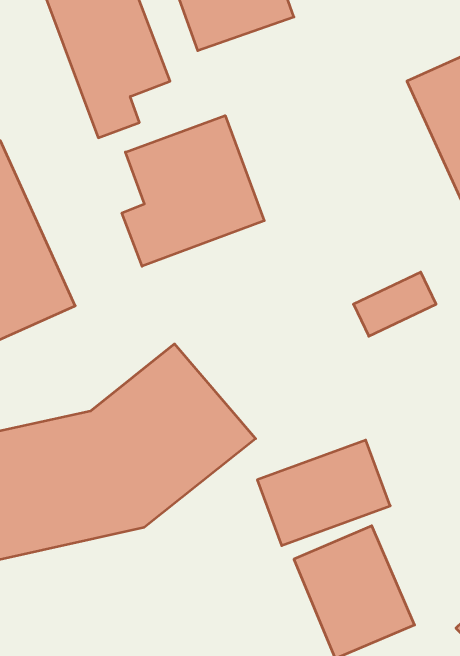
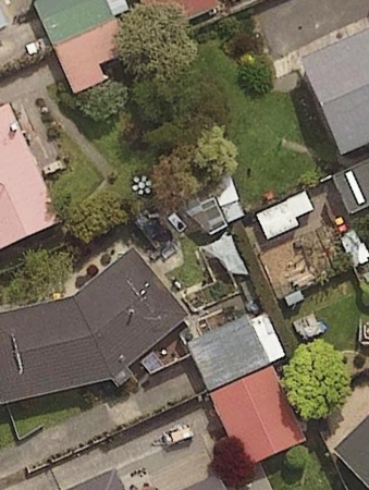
building: [122,116,264,266] -> none

